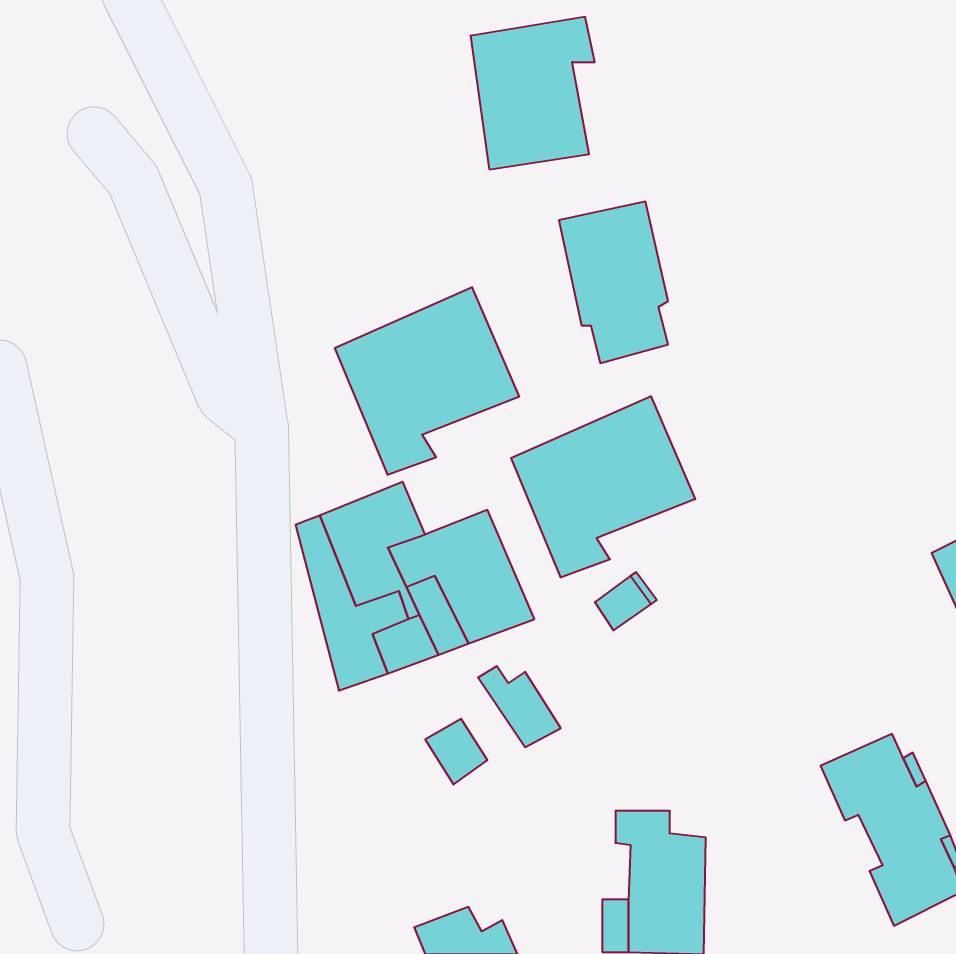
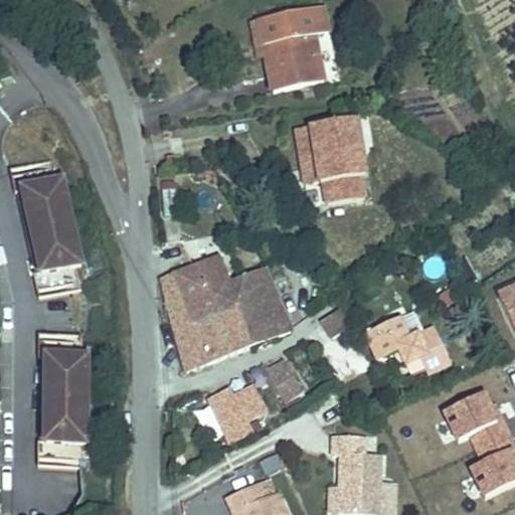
building: [335,287,519,475] -> none
building: none -> [13,160,85,299]
building: [511,396,695,577] -> none
building: none -> [369,319,450,372]
building: none -> [42,334,92,467]
building: none -> [212,388,252,442]

